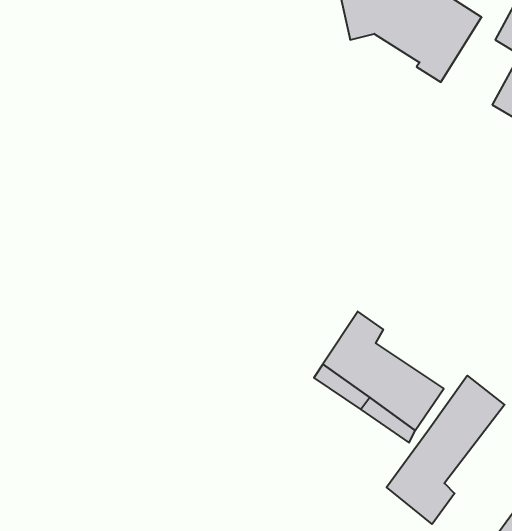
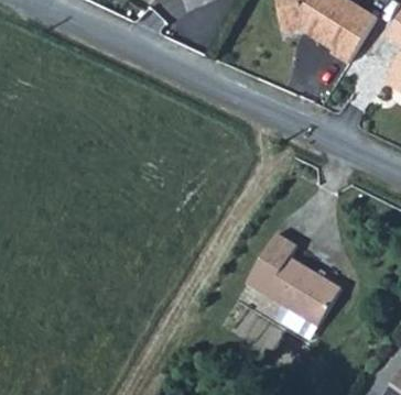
building: [387,376,505,524] -> none

